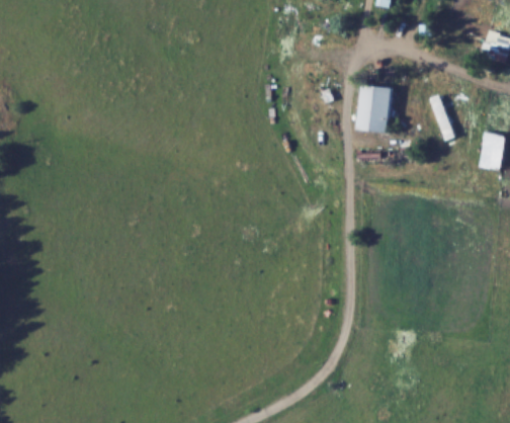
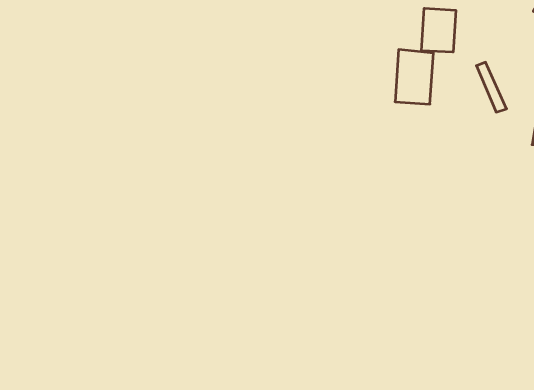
building: none -> [421,8,456,52]

